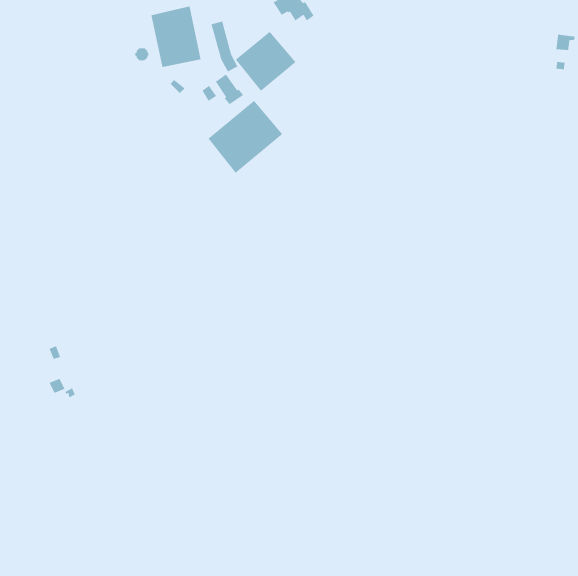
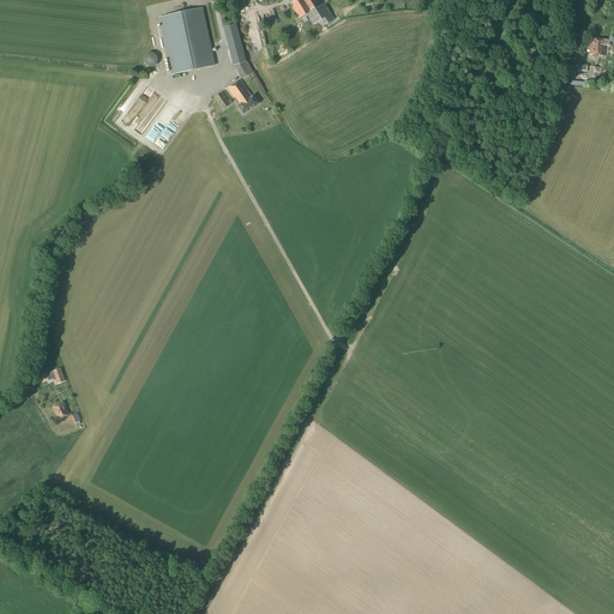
building: [235,31,296,92] -> none
building: [207,100,283,174] -> none

